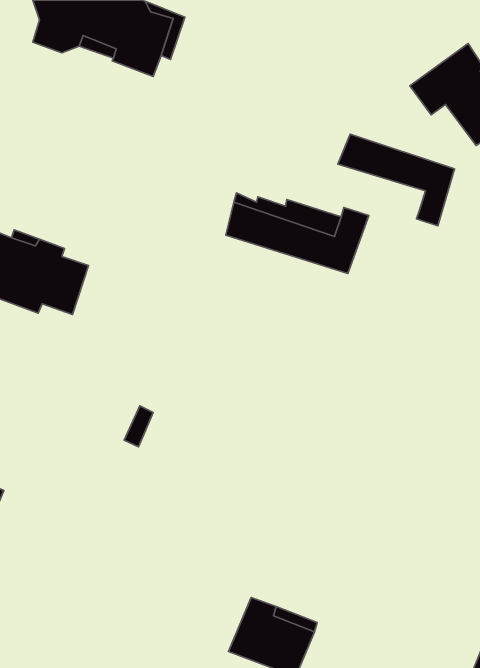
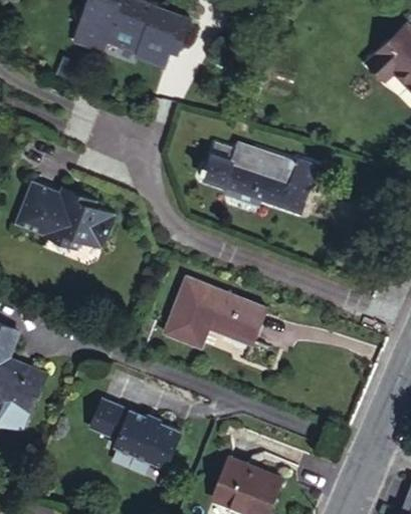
building: [338,134,454,226] -> none
building: none -> [166,276,269,348]
building: none -> [90,400,183,469]

